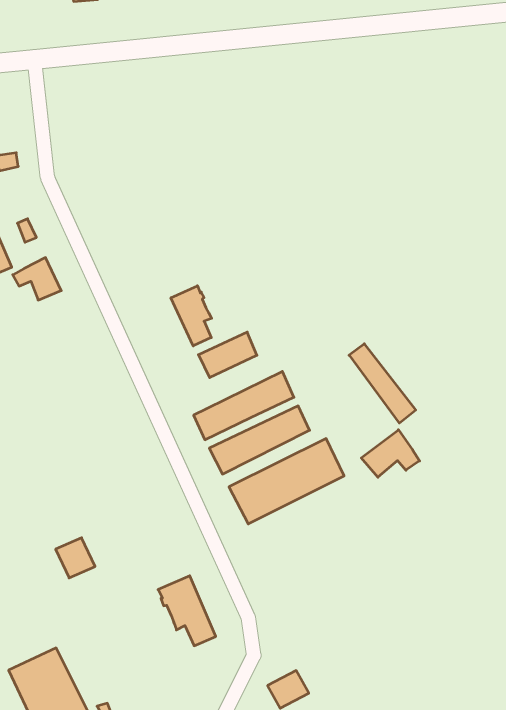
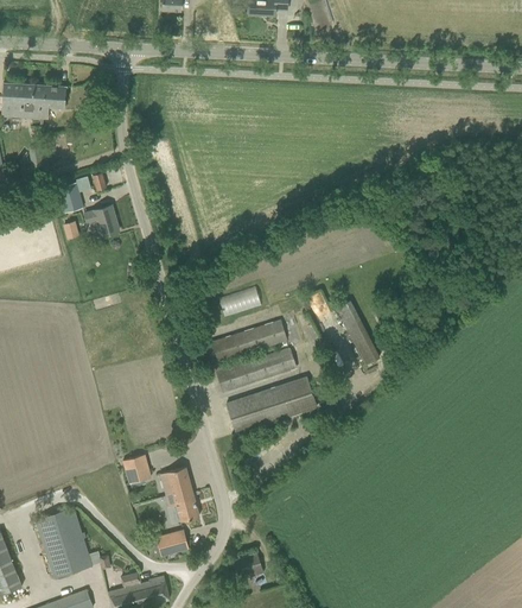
building: [171,286,212,346] -> none
building: [361,430,420,477] -> none
building: [56,538,95,578] -> [122,454,151,483]
building: none -> [155,530,187,556]

